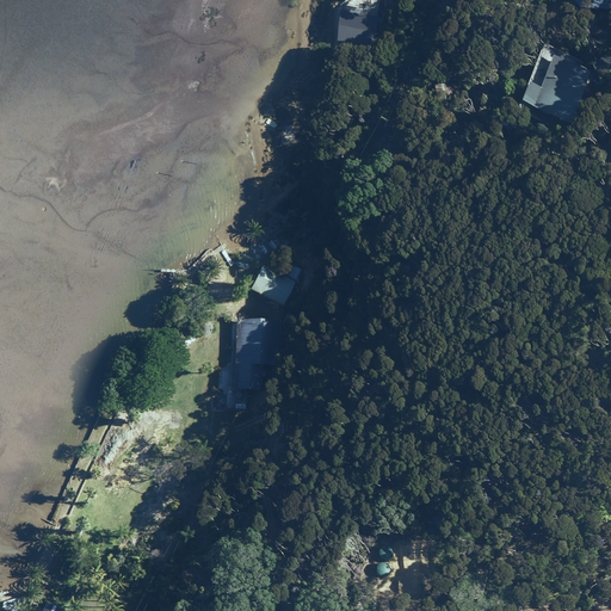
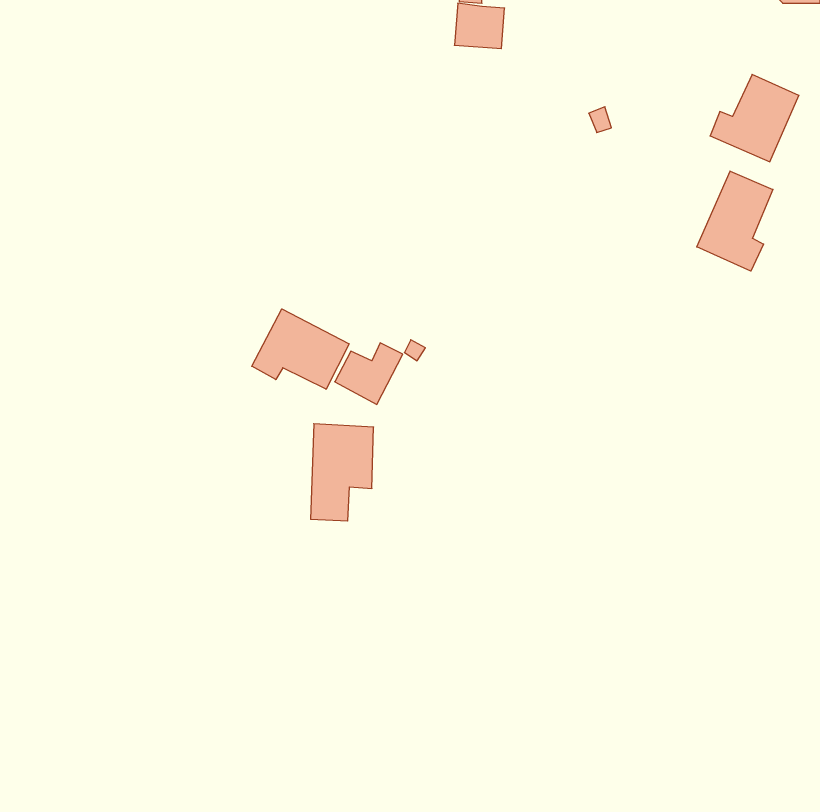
building: none -> [697,171,773,271]
building: none -> [252,309,349,389]

